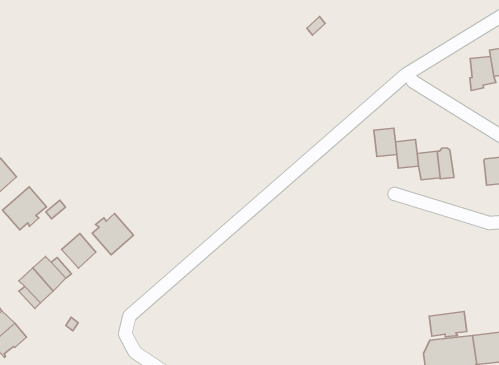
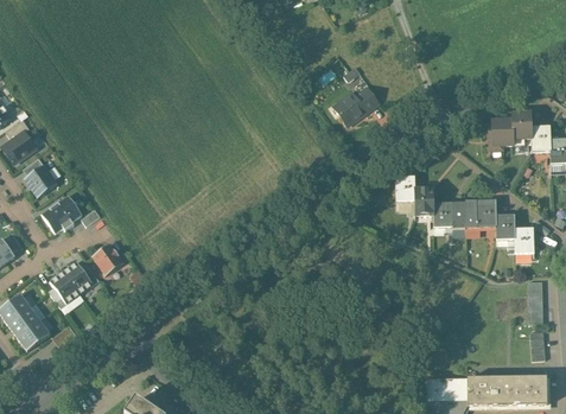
building: none -> [337,88,377,126]
building: none -> [464,202,496,228]
building: [92,213,133,255] -> none
building: [429,311,467,337] -> none

